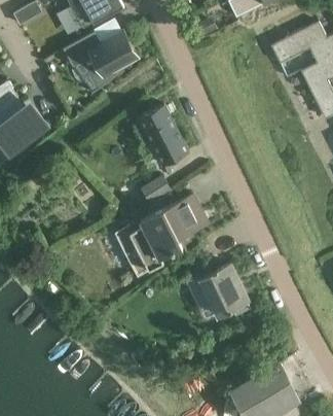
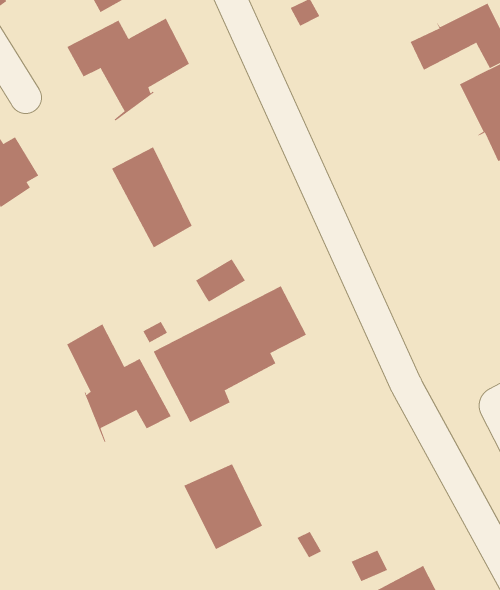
building: [139,104,188,166] -> [111,146,192,248]
building: none -> [66,324,171,442]
building: [199,265,248,317] -> [183,463,263,550]

